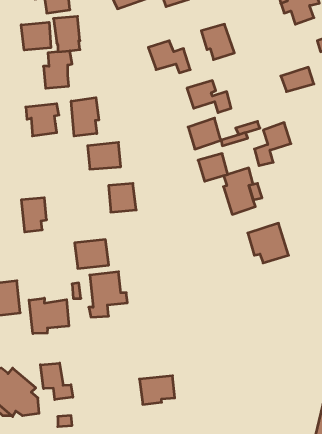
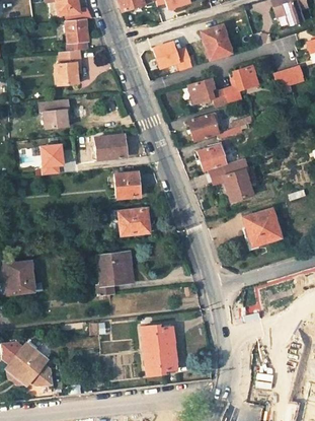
building: [21,22,51,50] -> none
building: [71,98,99,136] -> none
building: [254,123,291,166] -> [224,64,257,103]
building: [21,198,47,232] -> [40,145,63,177]
building: [75,240,109,268] -> [119,209,150,235]
building: [29,298,69,334] -> none
building: none -> [142,326,174,352]
building: [40,363,73,400] -> none

